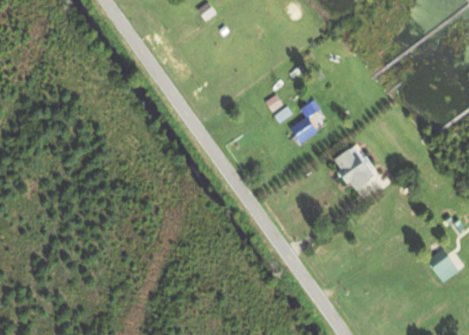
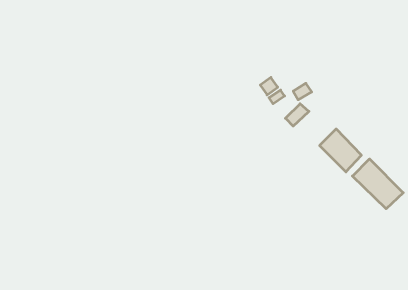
building: none -> [352,159,403,209]

